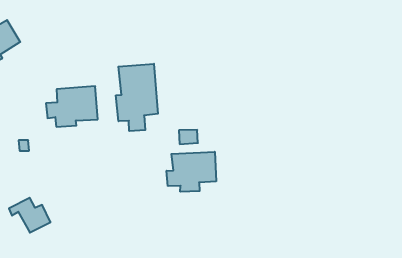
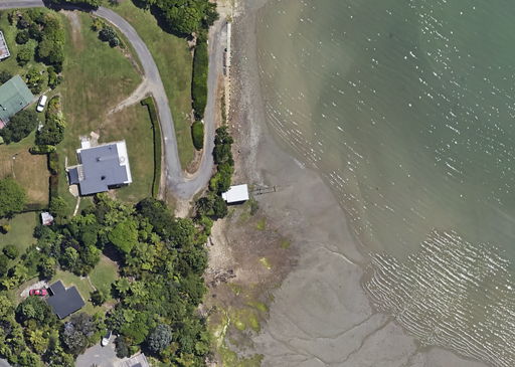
building: [116,64,158,131] -> none
building: [167,152,216,192] -> none

